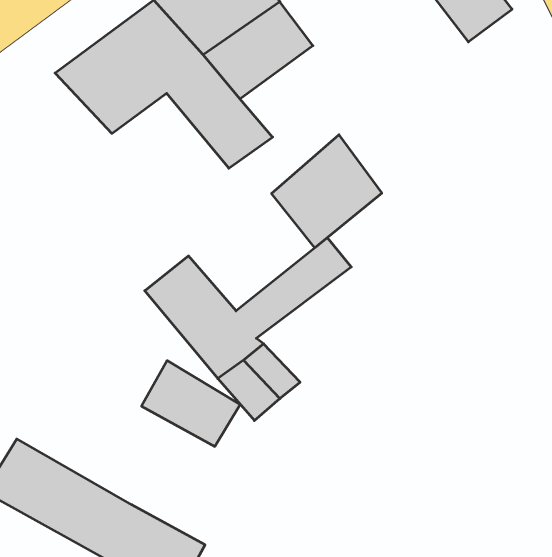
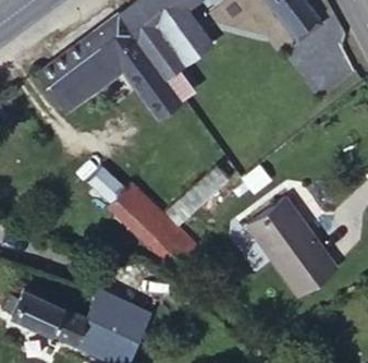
building: none -> [30,64,85,119]
building: [272,135,382,248] -> none
building: none -> [249,193,341,294]
building: [142,361,240,446] -> [97,294,156,346]

